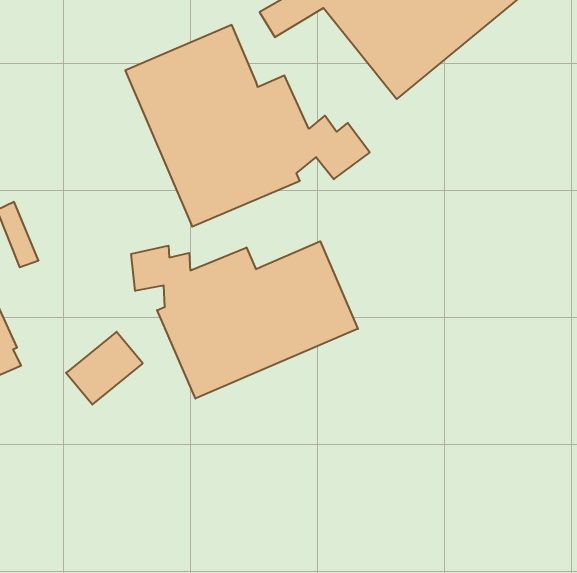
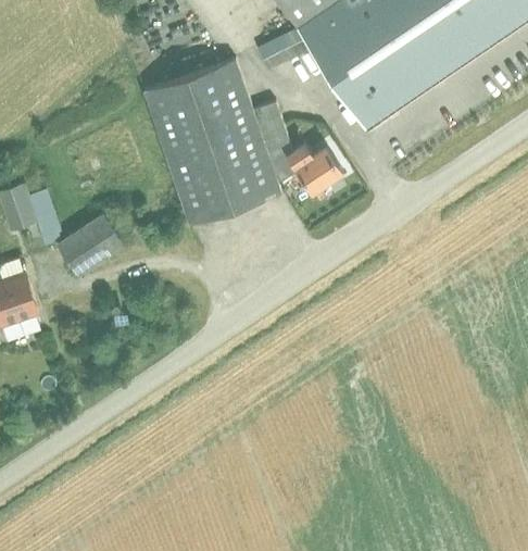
building: [131,241,358,399] -> none
building: [66,332,143,405] -> [56,215,121,274]

